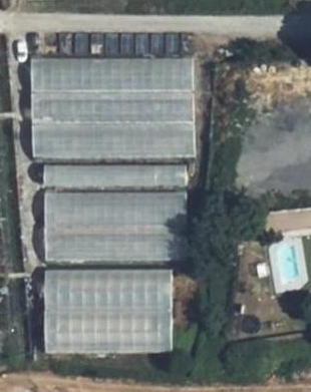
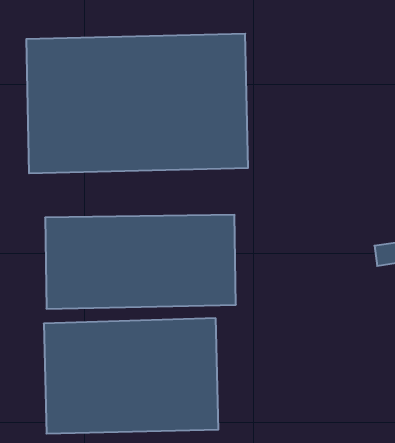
building: [43,162,188,187] -> none

